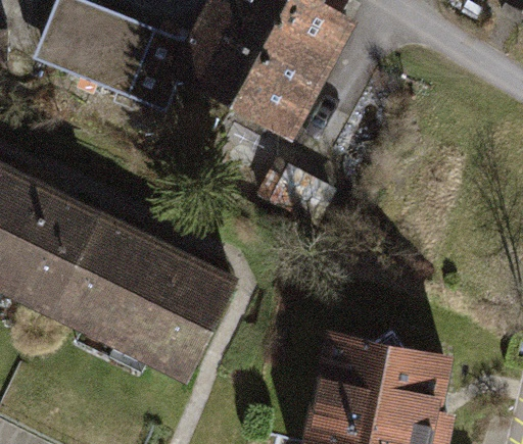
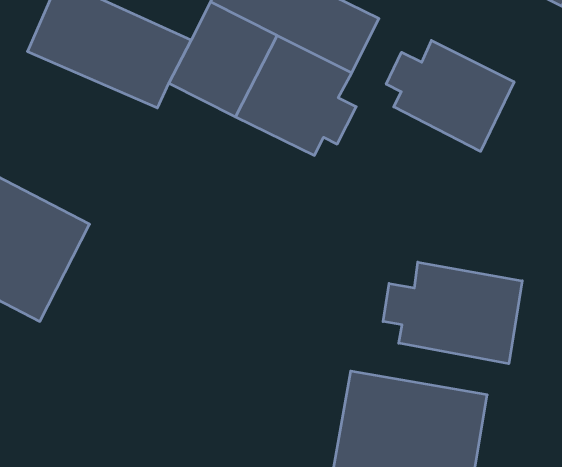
building: none -> [386,40,514,151]
building: [45,210,229,368] -> none
building: none -> [383,262,522,364]

